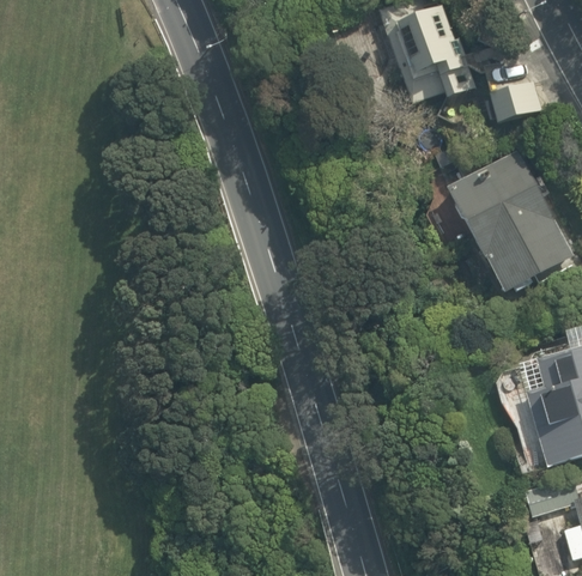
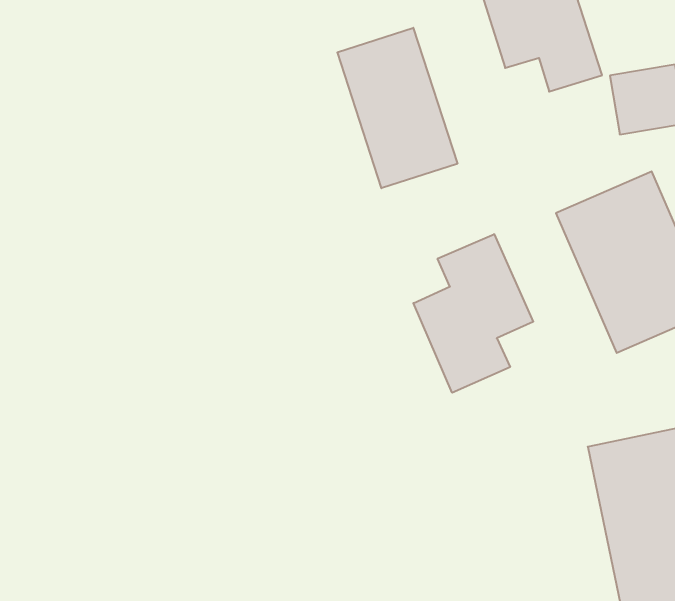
building: none -> [337,28,457,188]
building: none -> [413,234,533,393]

